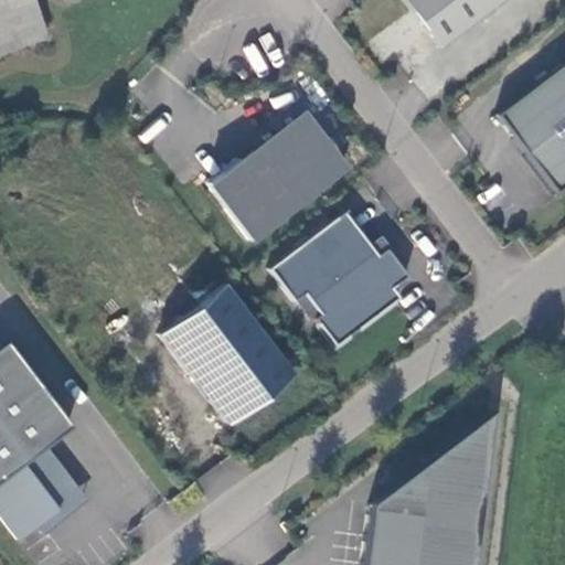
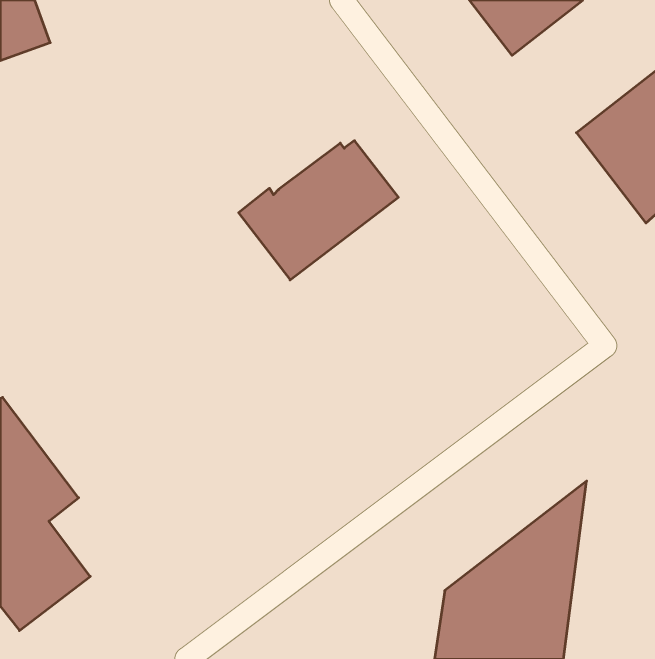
building: [269,211,408,345] -> none
building: [160,284,295,424] -> none

